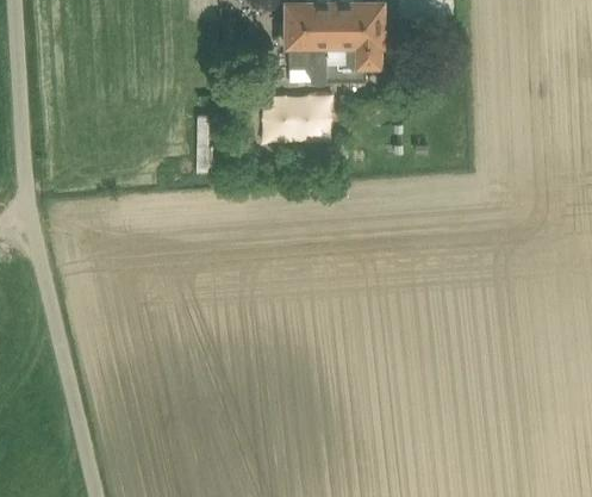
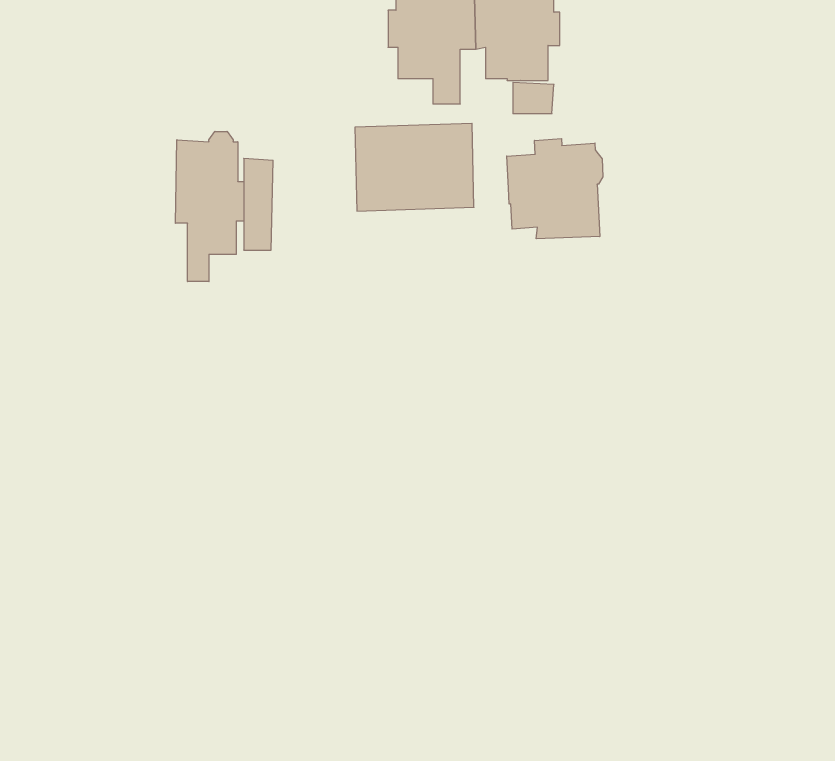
building: none -> [175,131,244,282]
building: none -> [507,139,603,239]

